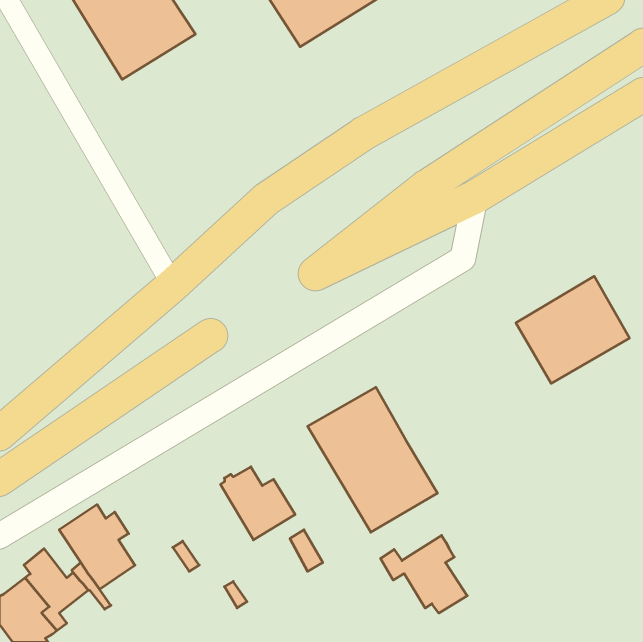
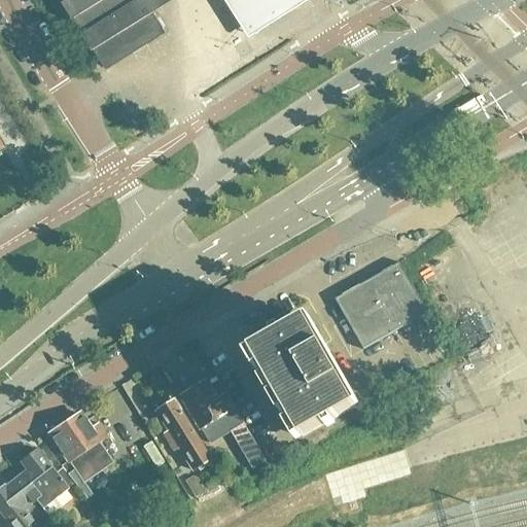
building: [516,276,629,383] -> [336,259,428,347]
building: none -> [153,394,209,467]
building: [381,535,467,613] -> none

